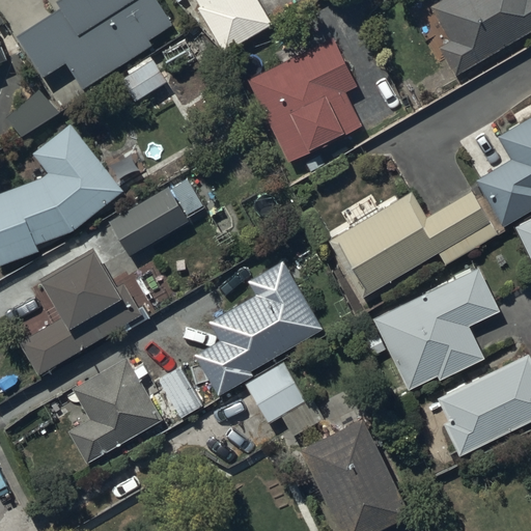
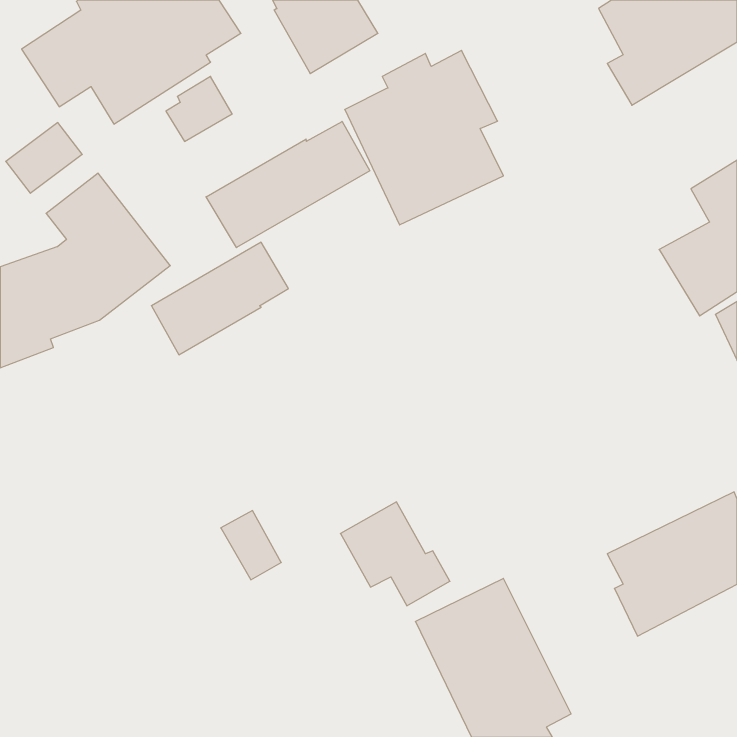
building: none -> [206,121,370,248]
building: [328,190,498,298] -> none
building: [18,247,149,375] -> none
building: [194,259,323,396] -> none
building: [366,266,500,391] -> none
building: [67,355,162,464] -> none

